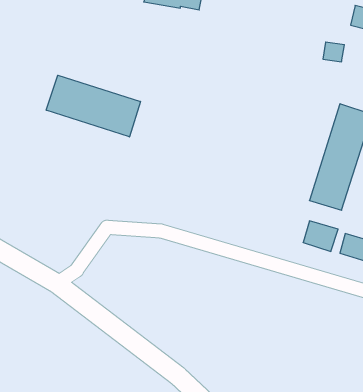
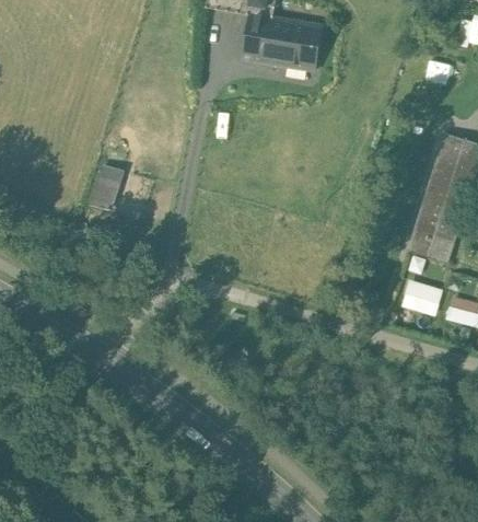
building: none -> [243,14,322,71]
building: [46,75,140,137] -> none
building: none -> [88,174,115,209]

